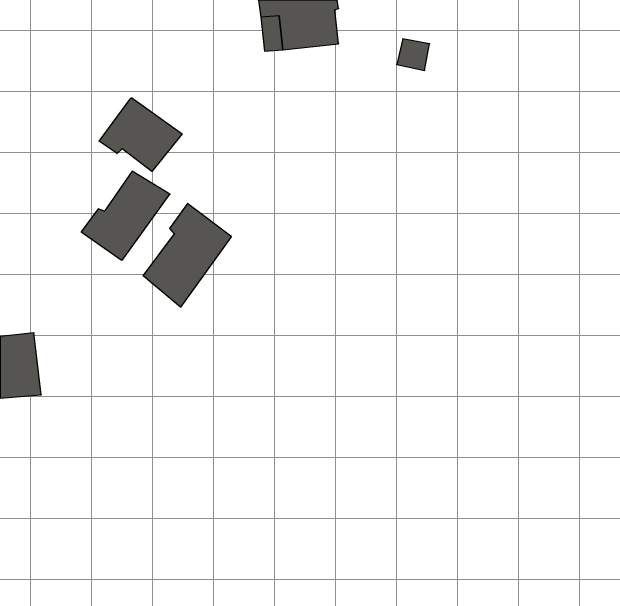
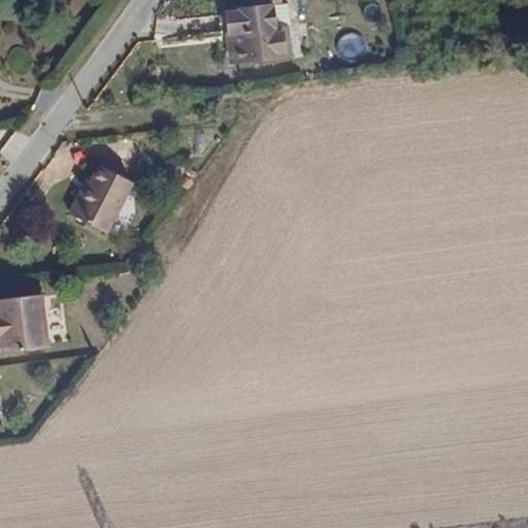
building: [99,98,182,171] -> none
building: [143,203,231,307] -> none

